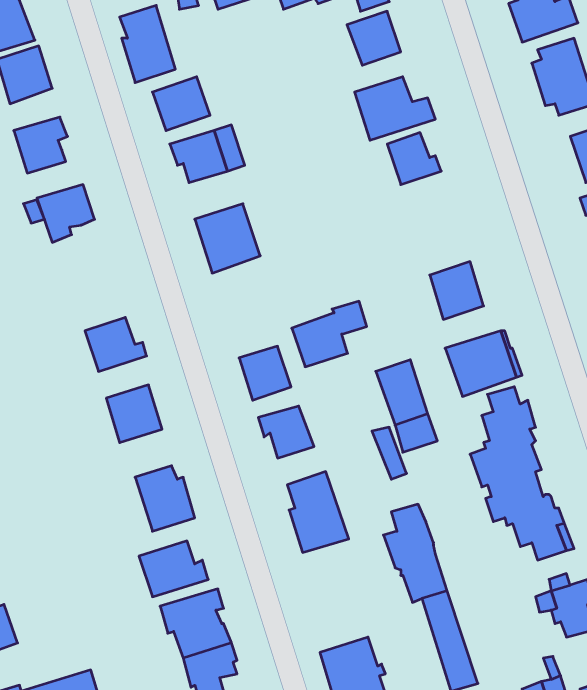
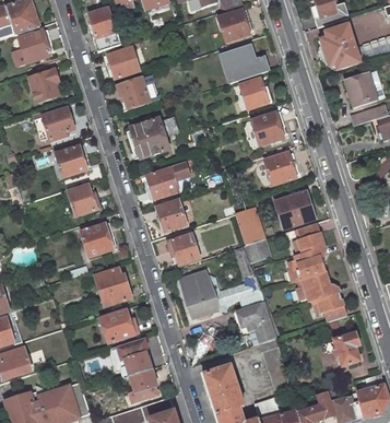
building: none -> [251,113,283,144]
building: none -> [57,146,87,176]
building: [292,301,367,367] -> [146,161,189,198]

